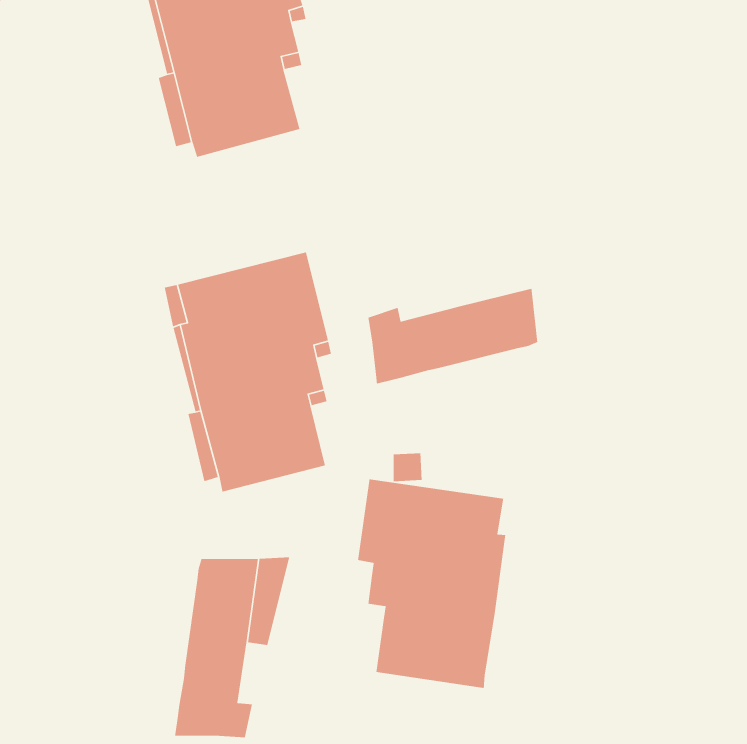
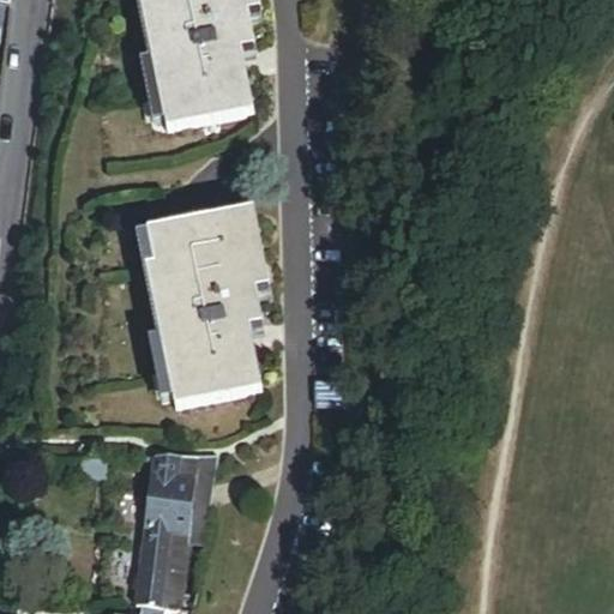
building: [367,288,538,385] -> none
building: [357,479,506,689] -> none

